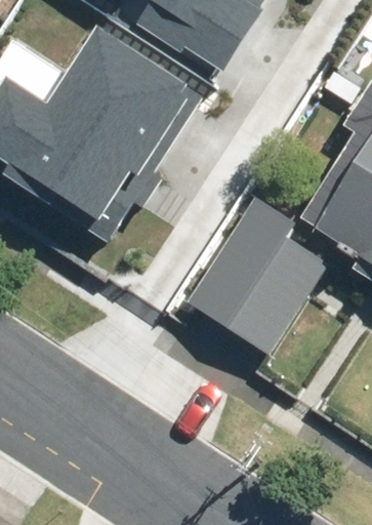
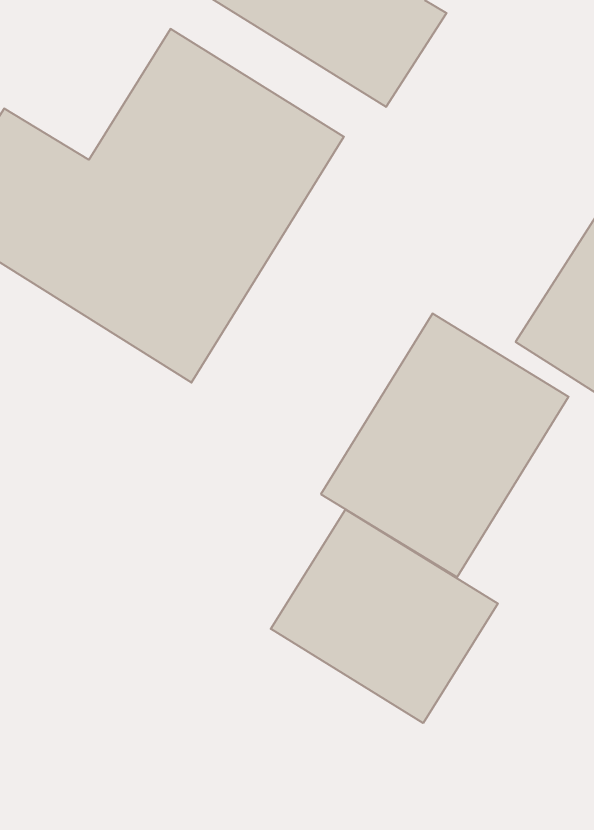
building: none -> [271,509,498,723]

